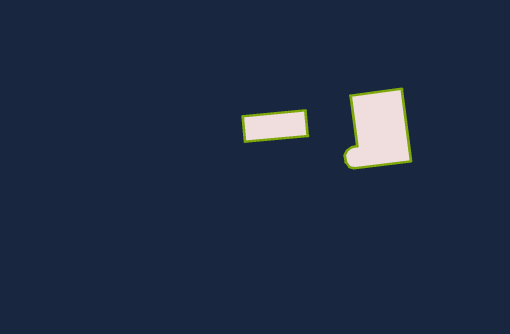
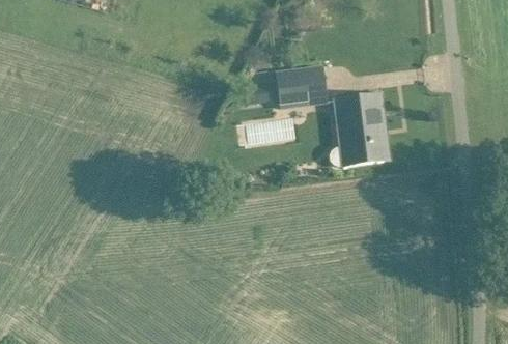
building: none -> [276,66,327,107]

